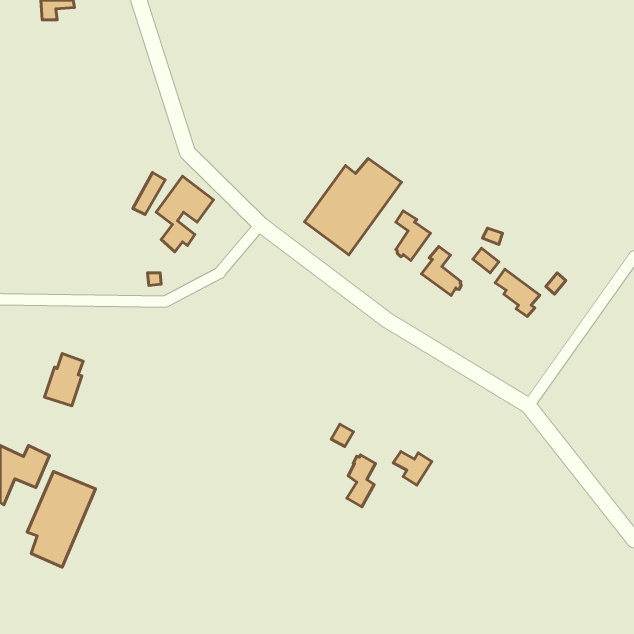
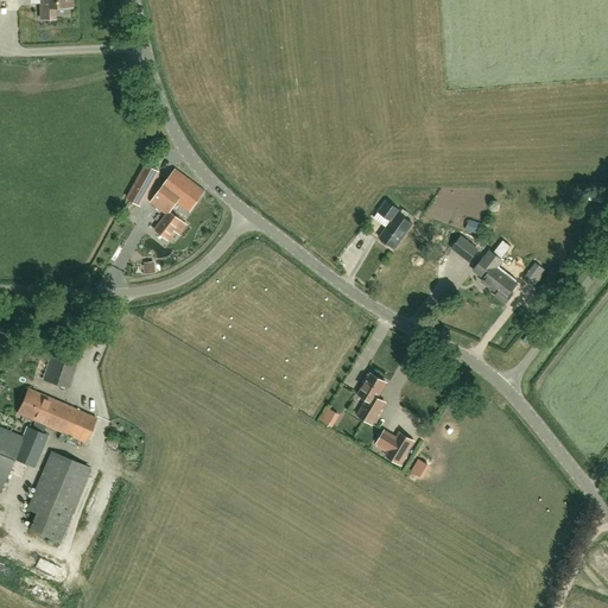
building: [305,158,401,255] -> none
building: [421,246,461,295] -> none
building: none -> [17,388,96,443]
building: [347,455,375,507] -> [357,374,385,424]

